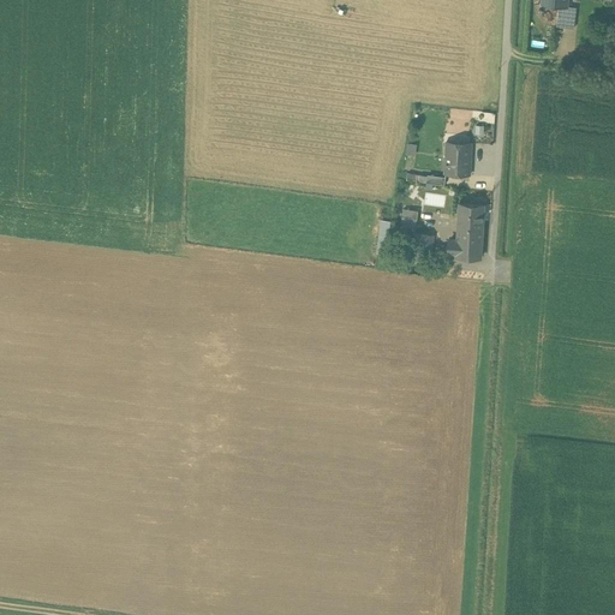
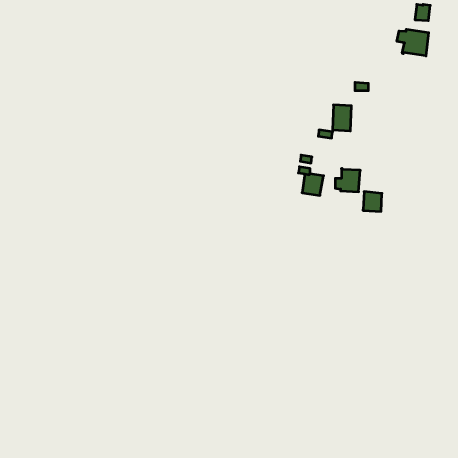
building: none -> [397,29,429,56]
building: [459,202,484,228] -> [363,192,382,211]

